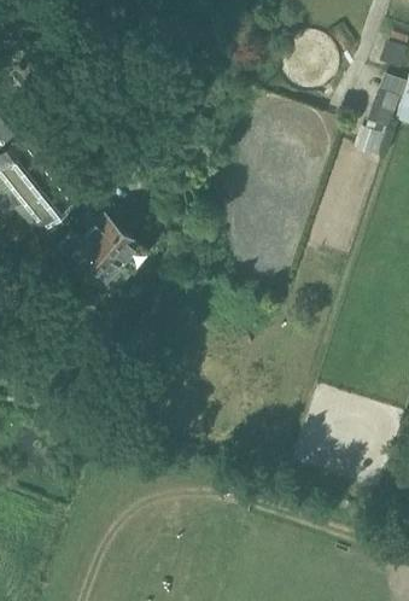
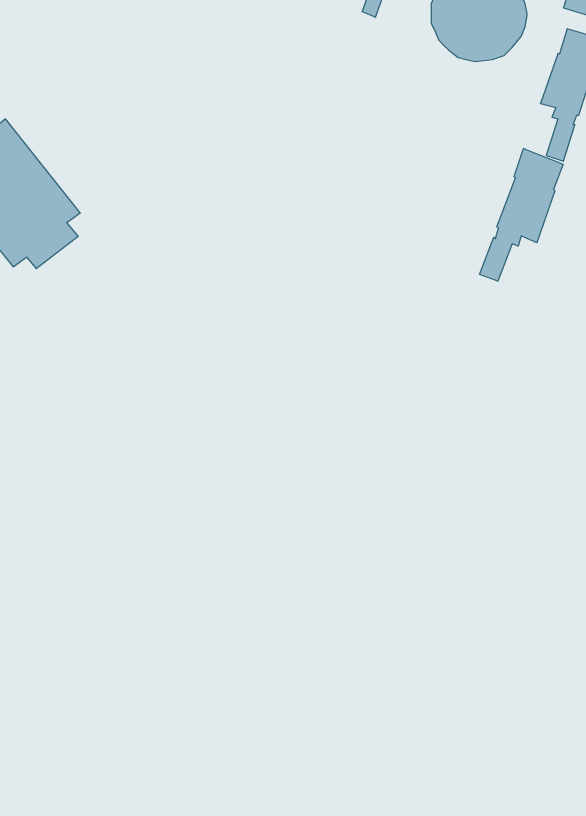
building: none -> [480,148,563,281]
building: [41,214,145,291] -> none

